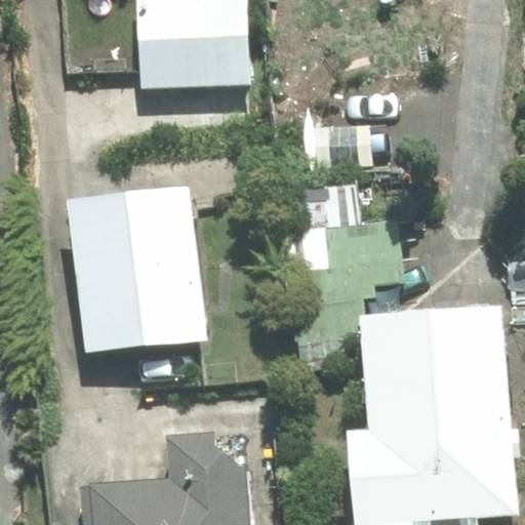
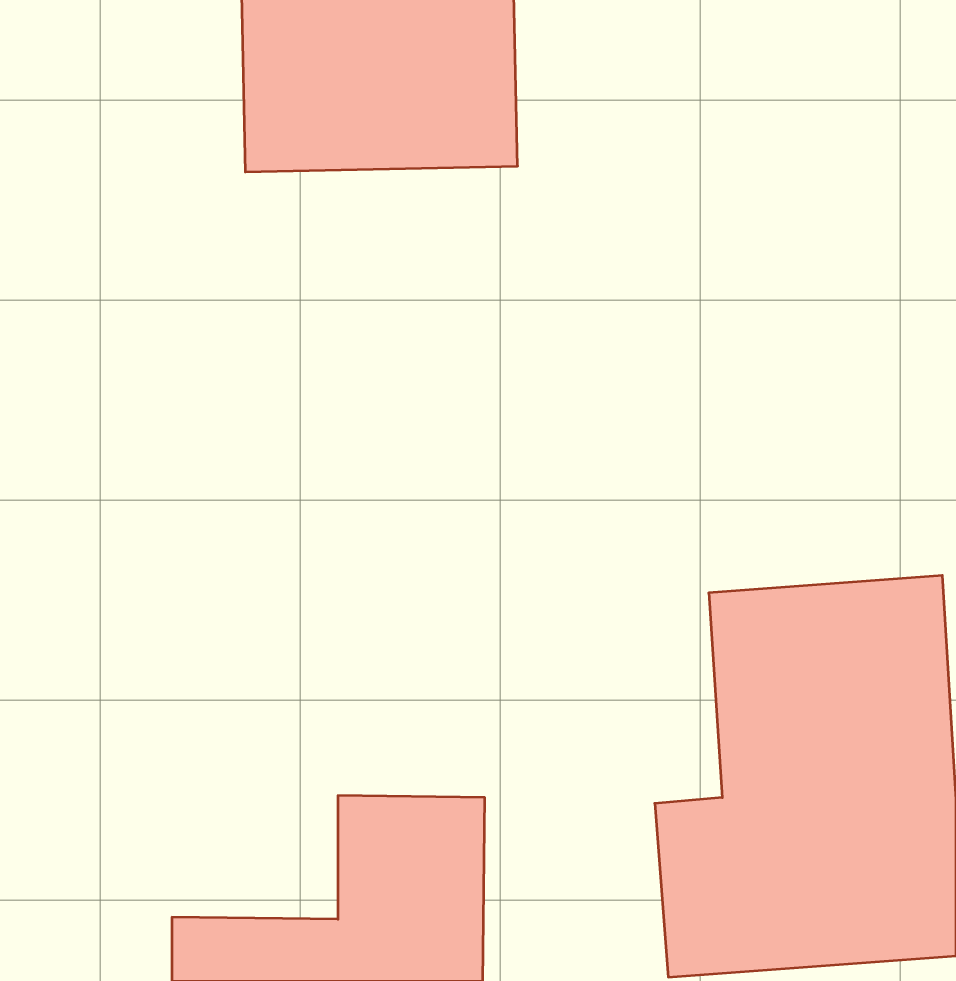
building: [78,185,214,356] -> none

